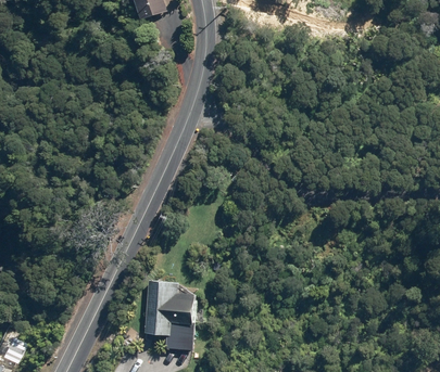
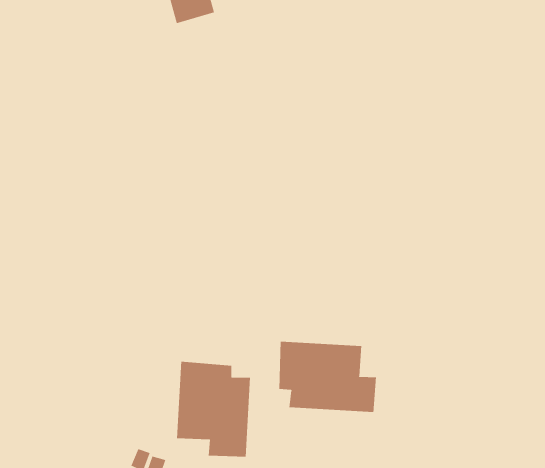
building: none -> [279,341,377,413]

